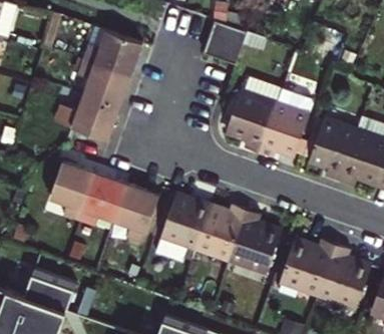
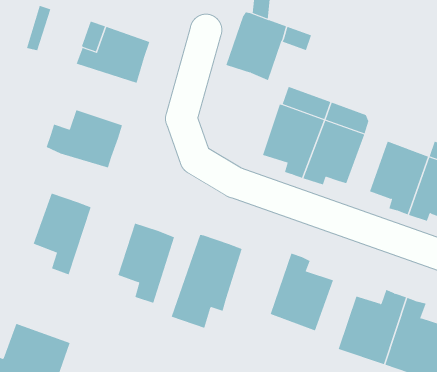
building: [76,63,128,110] -> none
building: [76,174,126,230] -> none
building: [198,204,247,256] -> none

